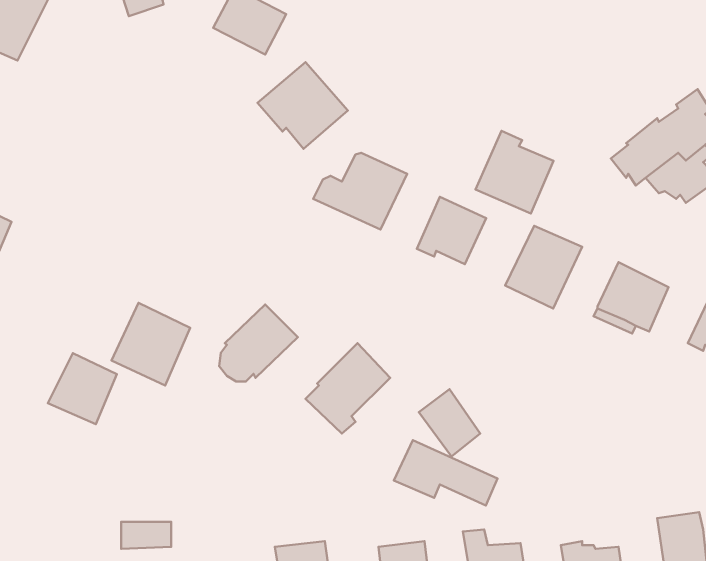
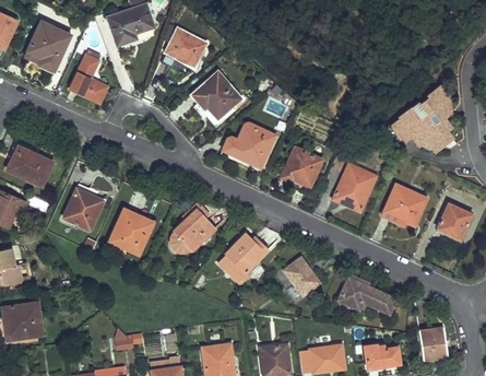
building: none -> [70,55,107,102]
building: [476,131,554,214] -> none
building: [48,353,117,424] -> [62,189,102,230]
building: [394,440,497,505] -> [336,277,395,314]

